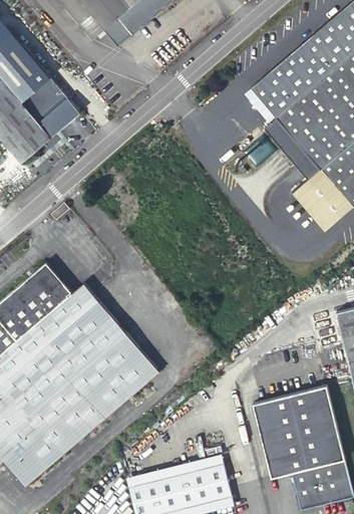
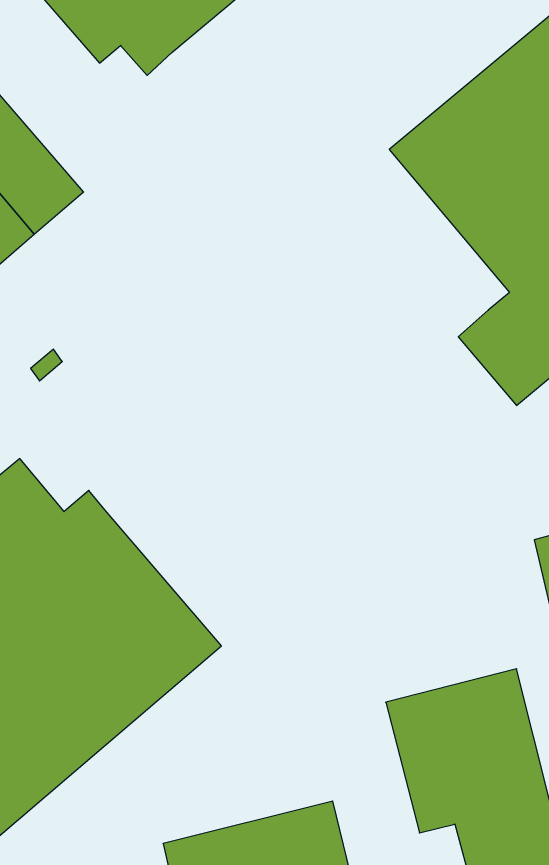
building: [269,120,322,181] -> none

